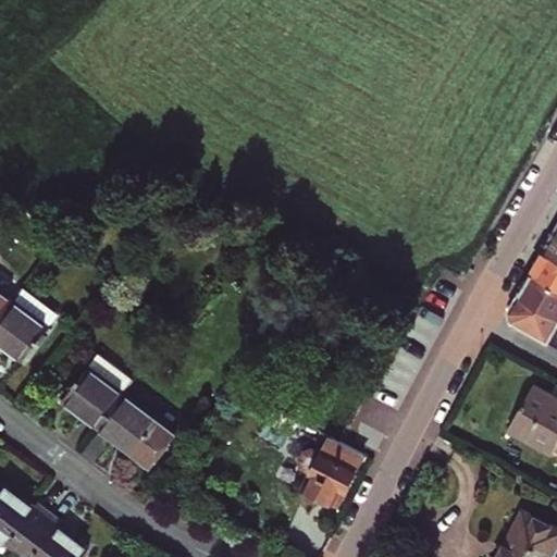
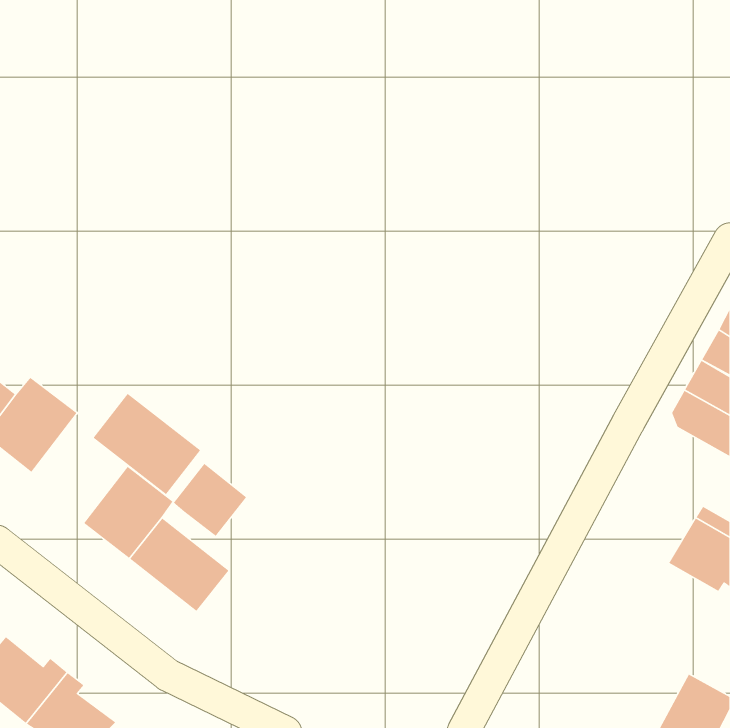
building: none -> [93,393,201,495]
building: none -> [173,463,247,537]
building: [299,443,361,506] -> none

